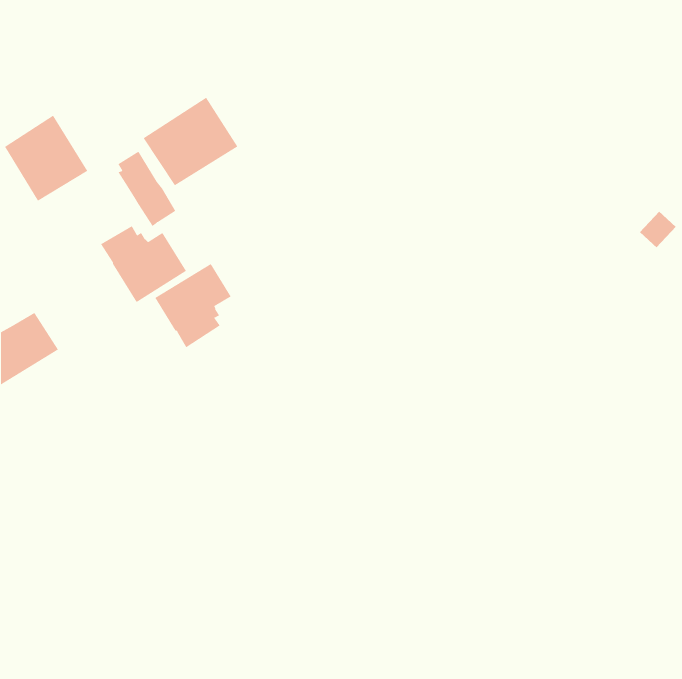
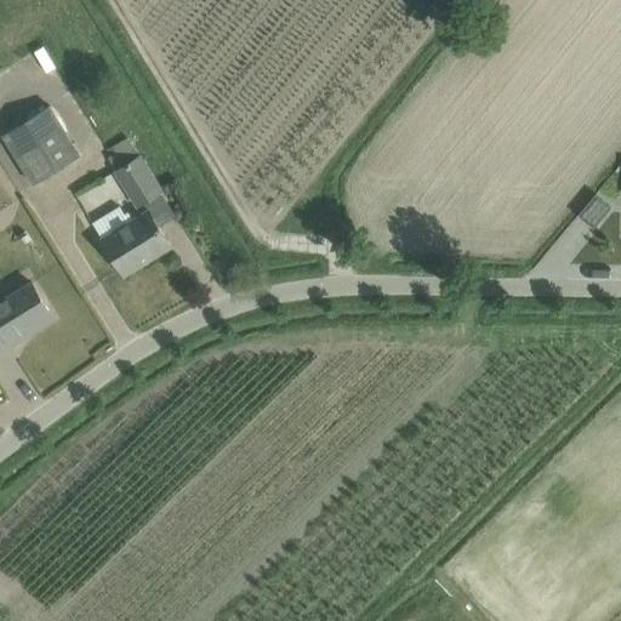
building: [143,97,238,186] -> none
building: [155,263,231,348] -> none

